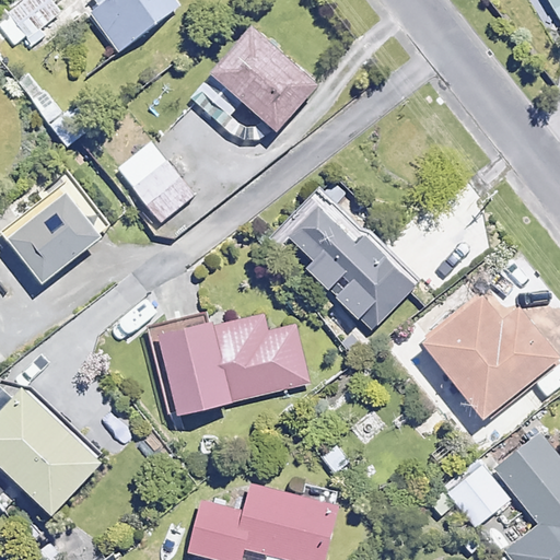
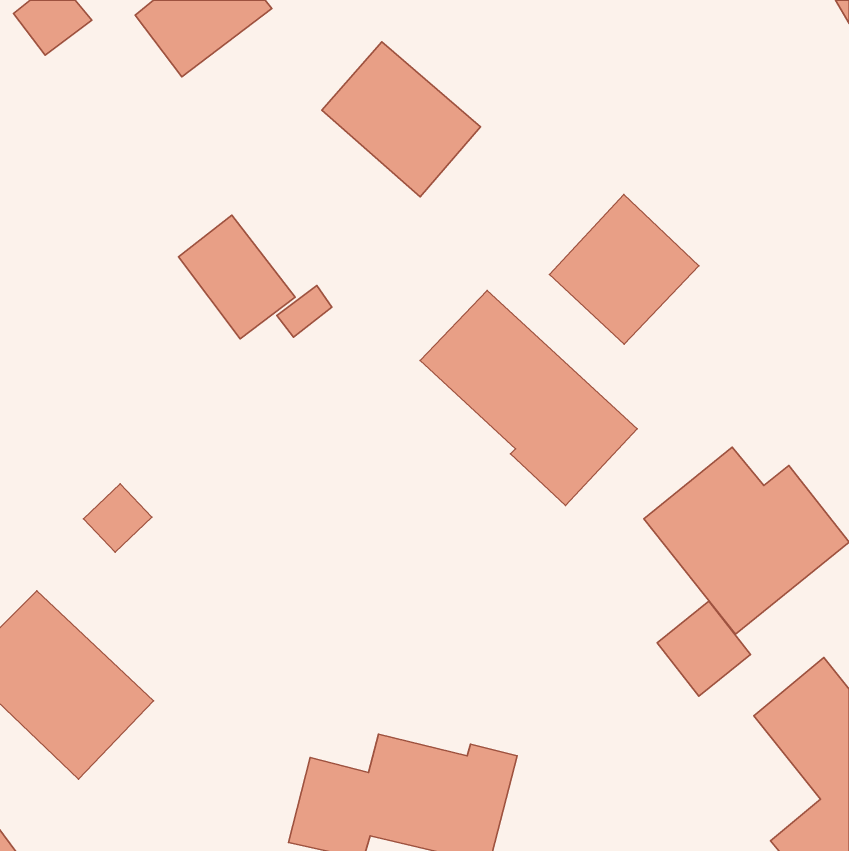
building: none -> [550,195,699,344]
building: [8,183,110,281] -> none
building: [155,319,308,415] -> none
building: [447,465,509,527] -> [657,601,750,696]

